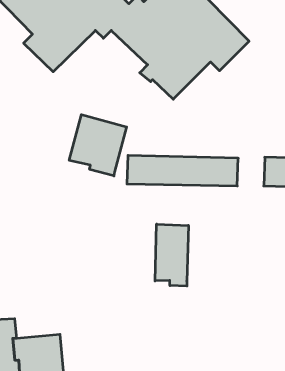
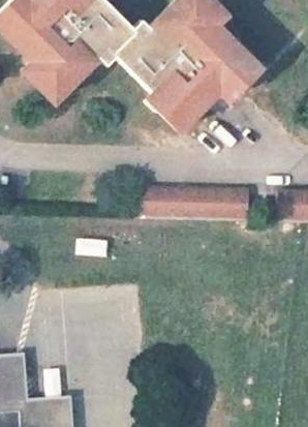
building: [69,115,127,176] -> none
building: [155,224,188,286] -> none

